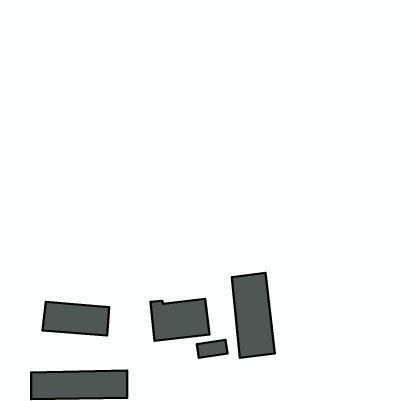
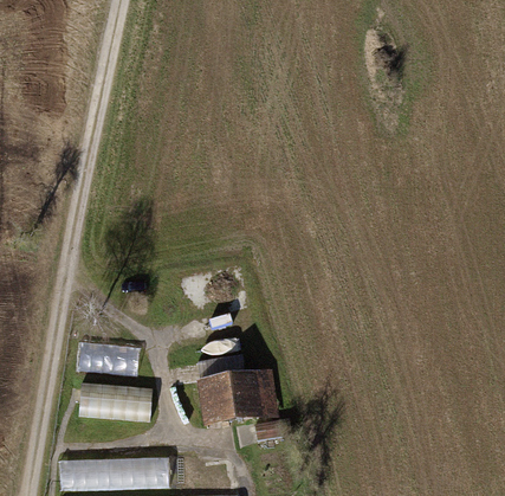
building: none -> [77,340,140,376]
building: [232,273,275,358] -> none

